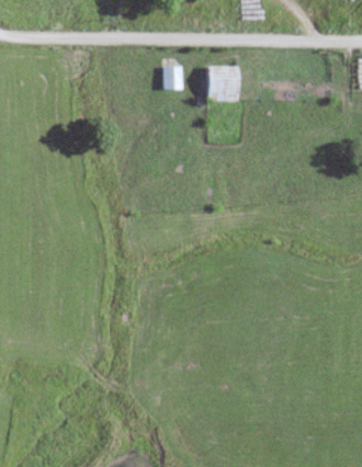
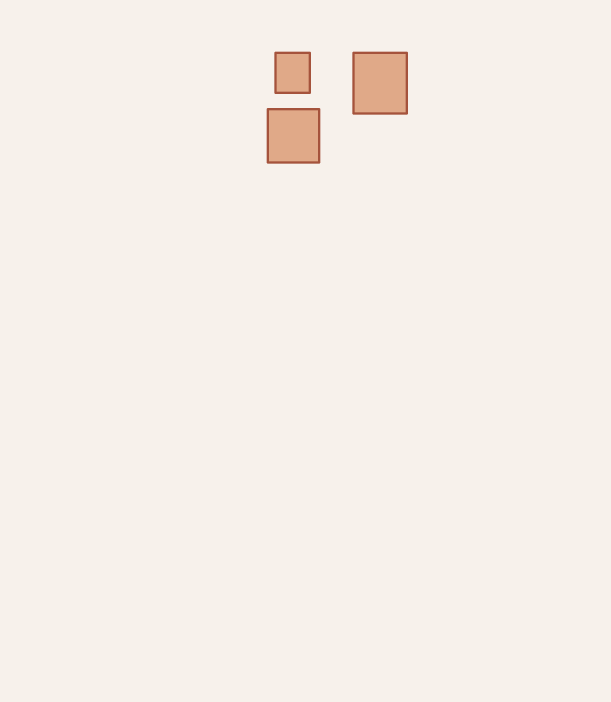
building: none -> [268,109,319,163]

